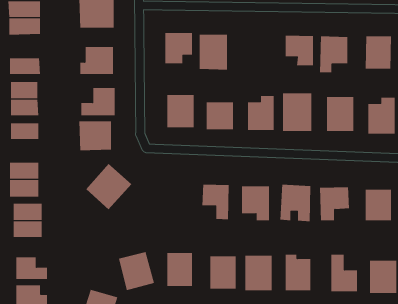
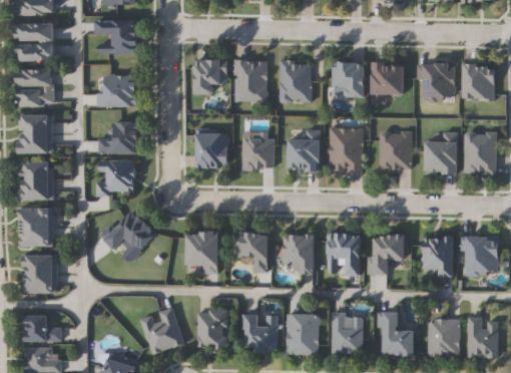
building: none -> [280,60,311,102]
building: none -> [17,68,52,87]
building: none -> [18,180,51,201]
building: none -> [186,231,218,274]

